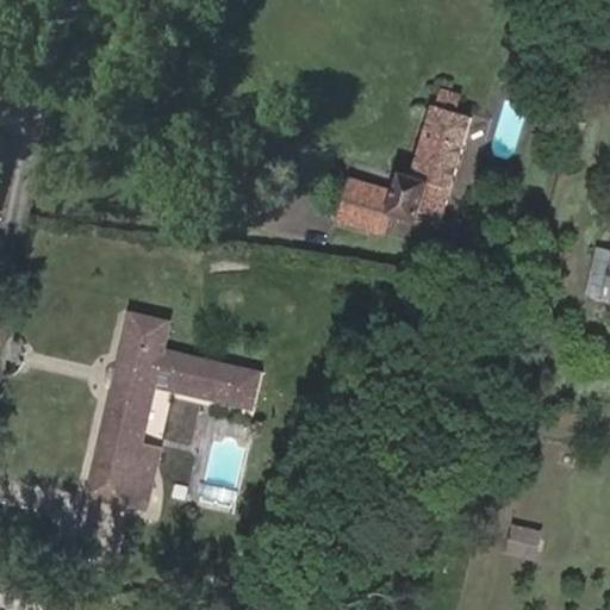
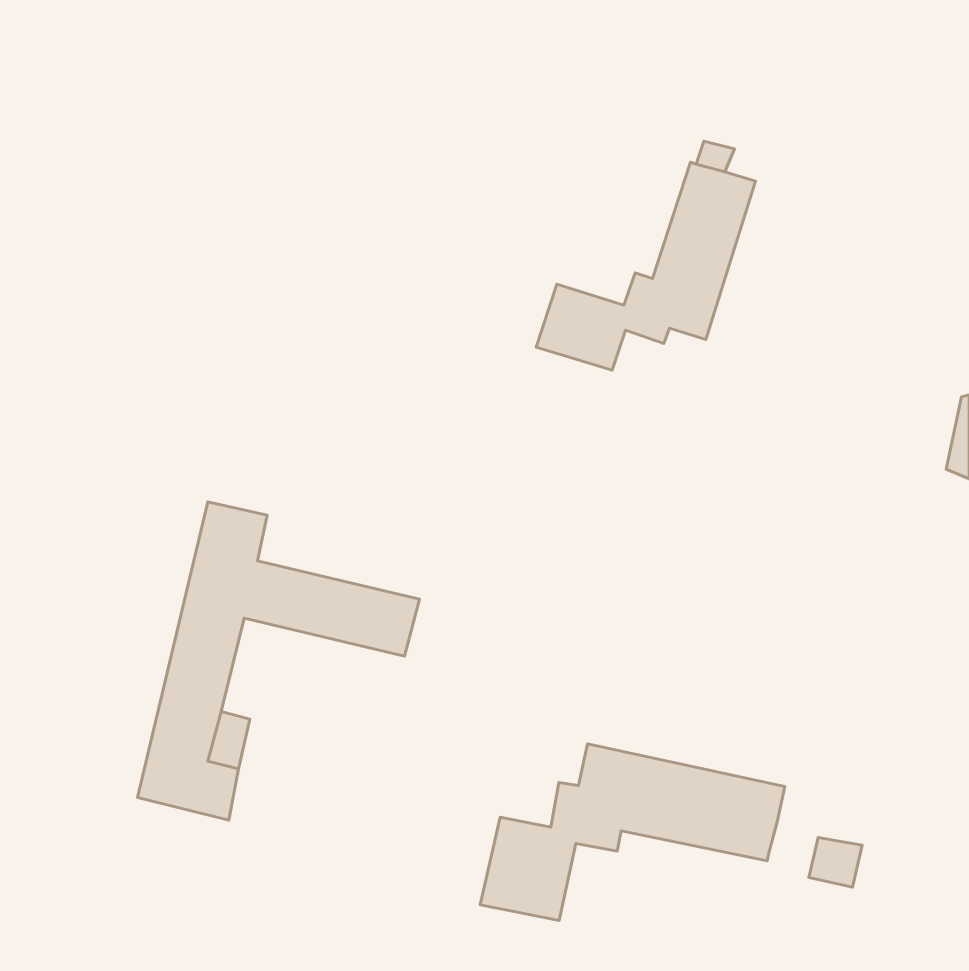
building: none -> [480,744,785,921]

